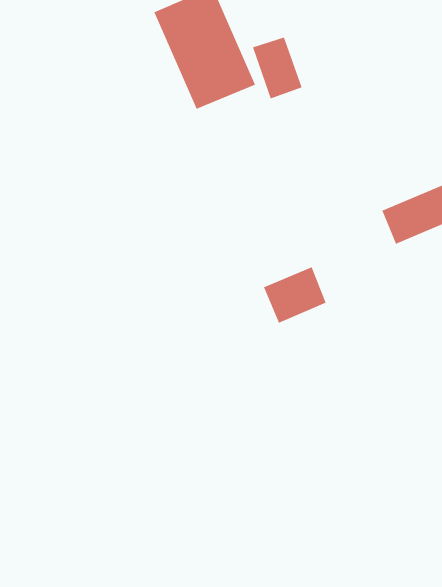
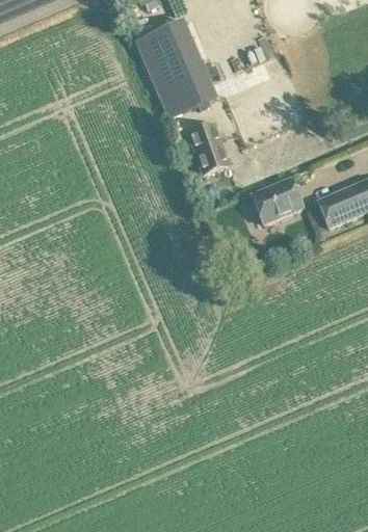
building: [252,37,303,99] -> [189,124,230,174]
building: [263,267,326,324] -> [252,178,303,223]

